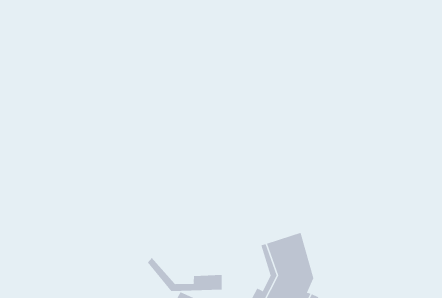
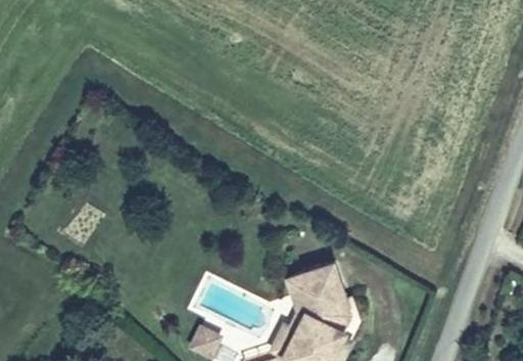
building: [147,257,222,292] -> none

